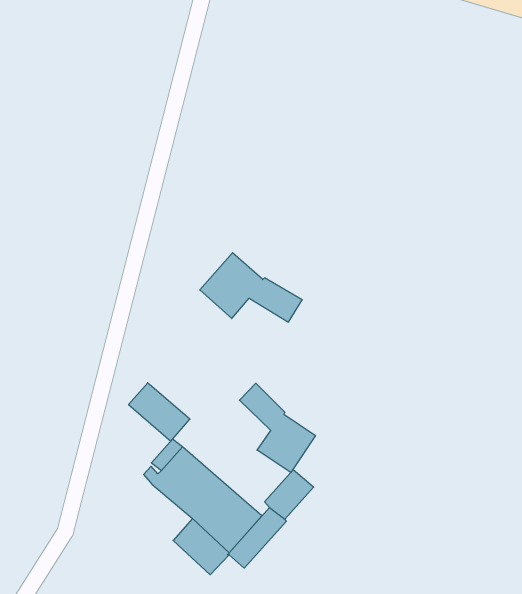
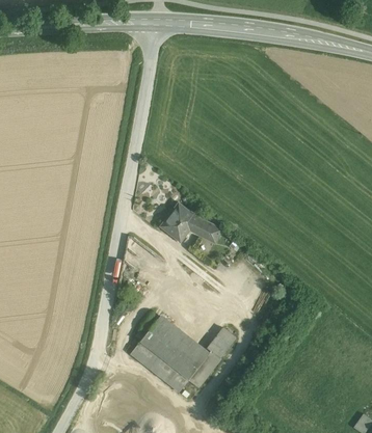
building: [129,383,190,441] -> [130,340,166,373]
building: [239,383,315,473] -> none

